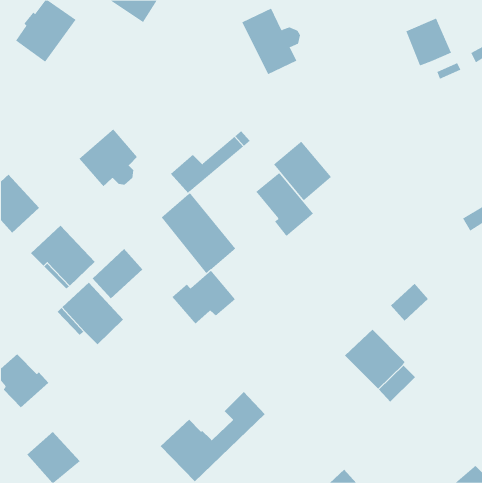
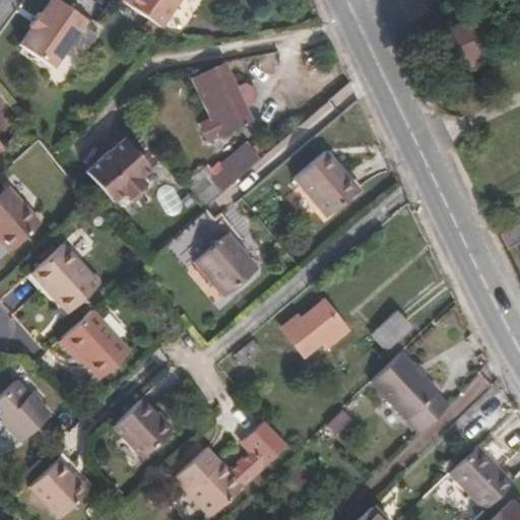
building: [241,8,301,75] -> [193,63,257,135]
building: [255,172,314,237] -> none
building: [92,248,143,299] -> none
building: [172,270,236,325] -> [280,299,349,358]
building: [390,283,429,322] -> [371,310,412,351]
building: none -> [112,402,170,460]
building: none -> [449,445,514,510]

